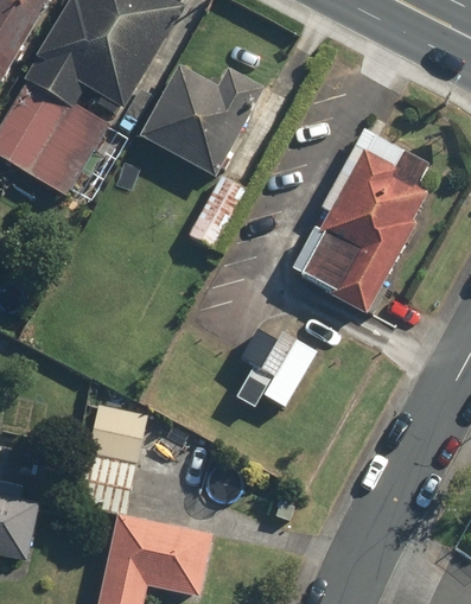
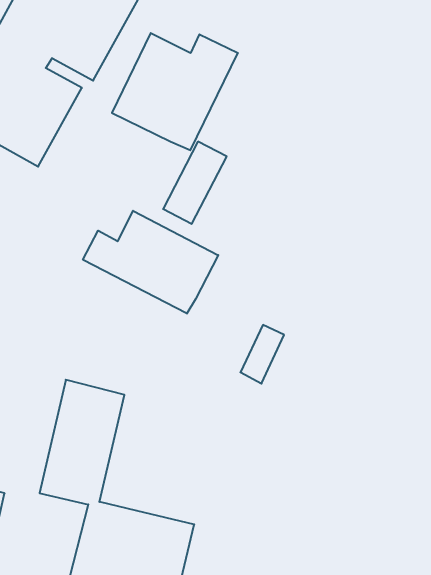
building: [298,132,426,319] -> none
building: none -> [83,211,218,314]

